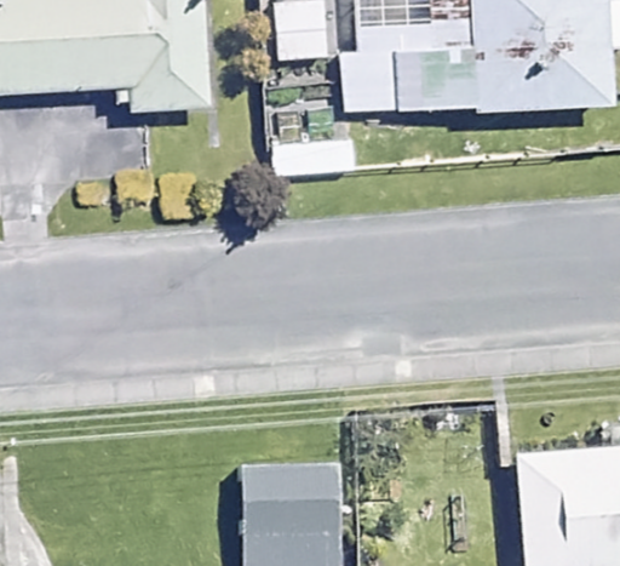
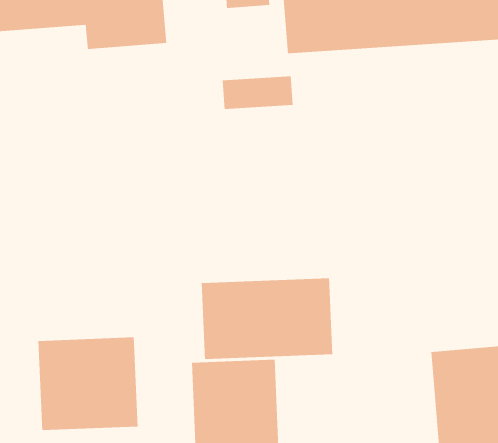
building: none -> [201,278,333,360]
building: none -> [38,337,138,431]

